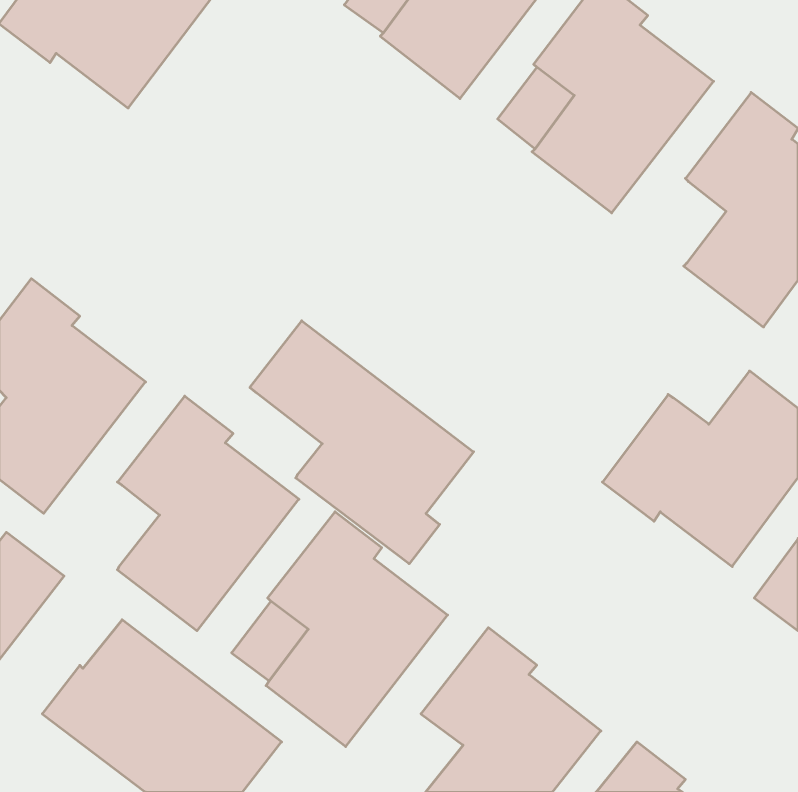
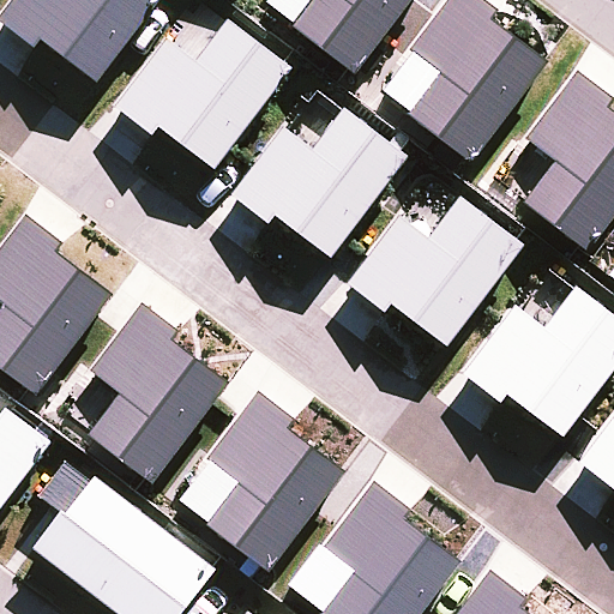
building: none -> [114,18,290,168]
building: none -> [230,106,407,255]
building: none -> [348,197,524,345]
building: [250,321,474,564] -> none

